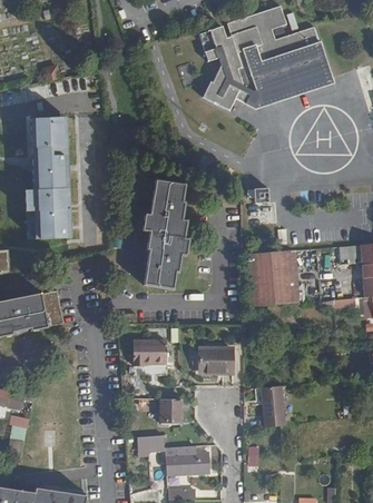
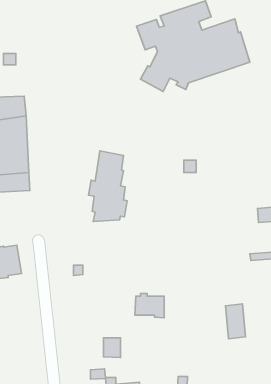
building: [248,248,297,304] -> none
building: [143,260,178,290] -> none
building: [136,342,163,366] -> none
building: [258,386,282,427] -> [226,304,245,339]

